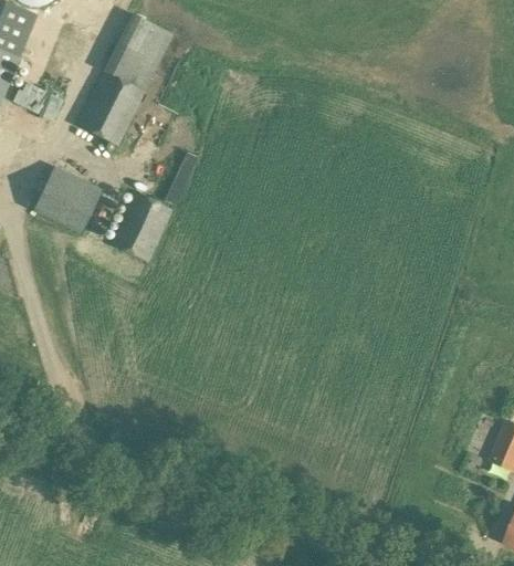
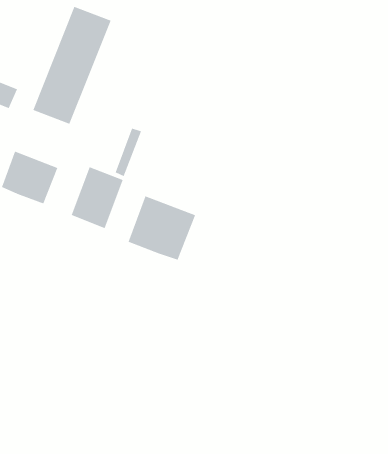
building: none -> [128,195,196,260]

